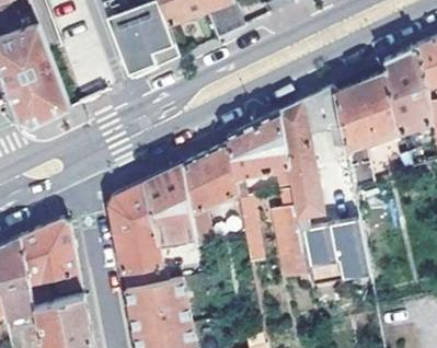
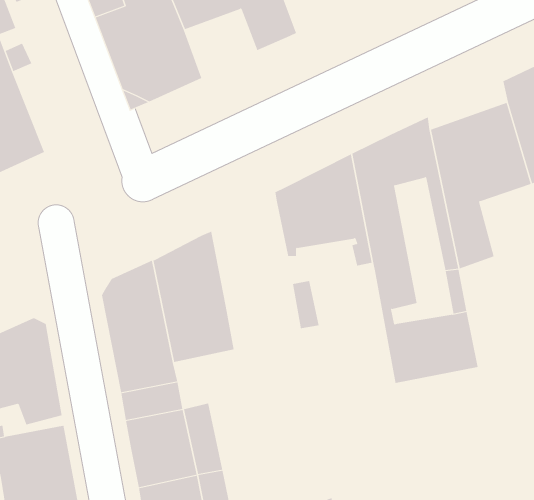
building: [185,143,239,214] -> none
building: [276,190,311,279] -> none

